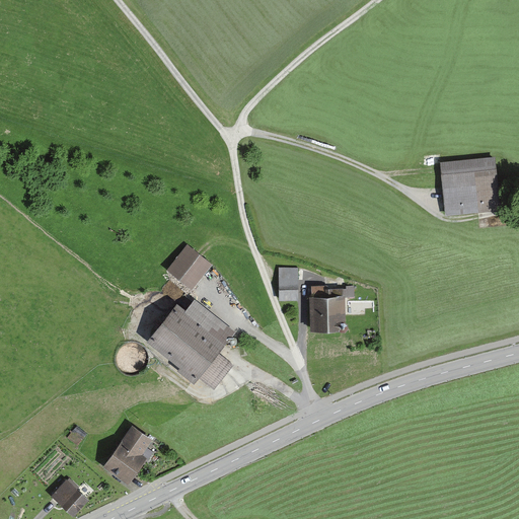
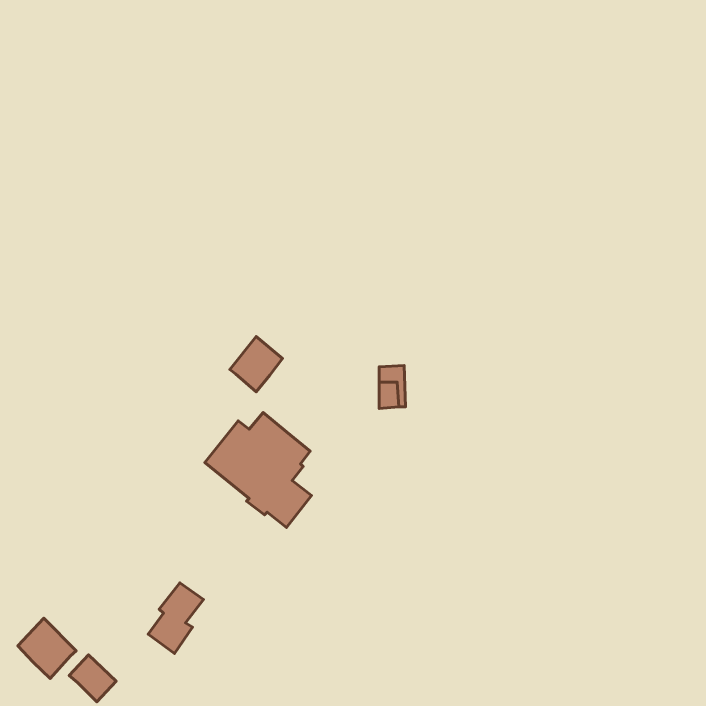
building: [441,159,498,215] -> none
building: [310,287,346,330] -> none
building: none -> [18,618,76,678]

